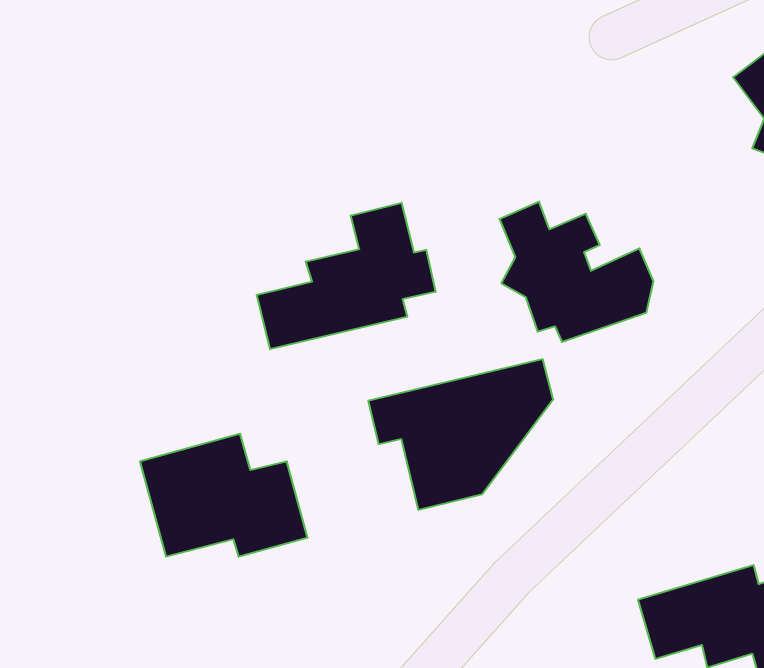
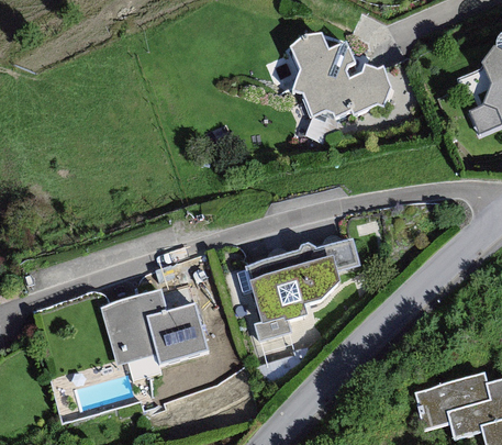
building: [499,202,653,342] -> [291,34,389,123]
building: [257,203,436,349] -> none

